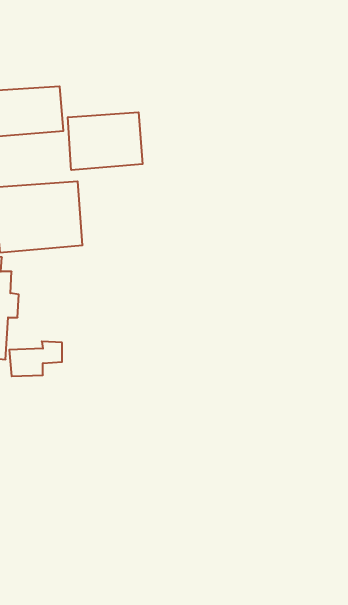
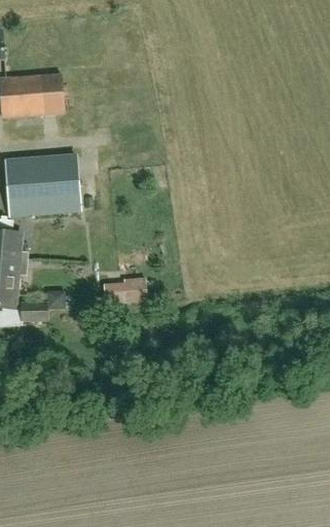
building: [68,112,143,170] -> none
building: none -> [113,278,146,305]

